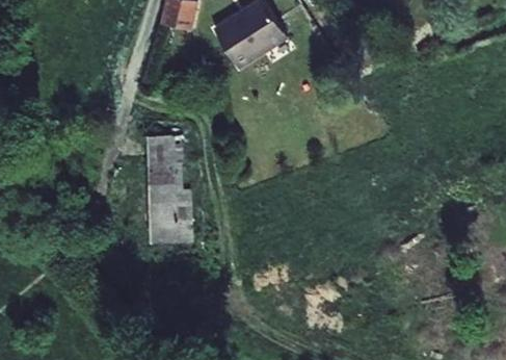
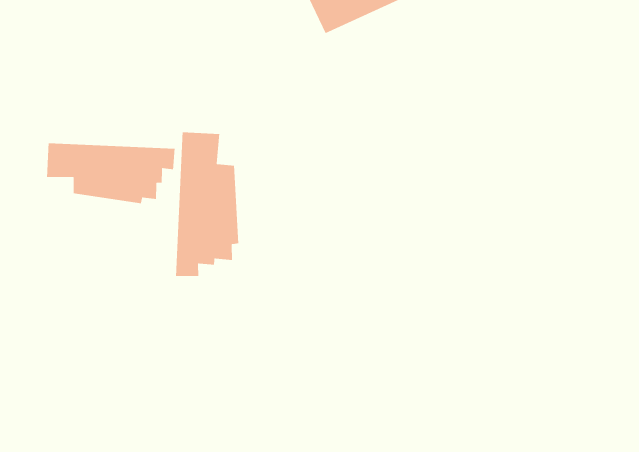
building: none -> [46,142,175,204]

